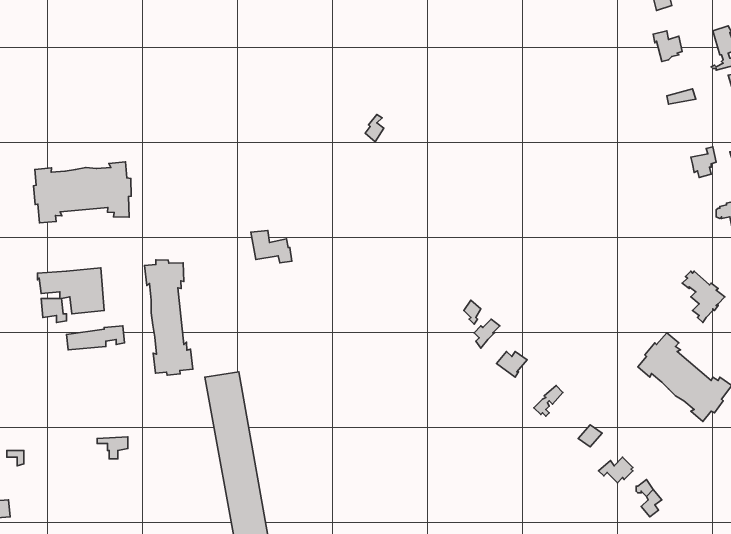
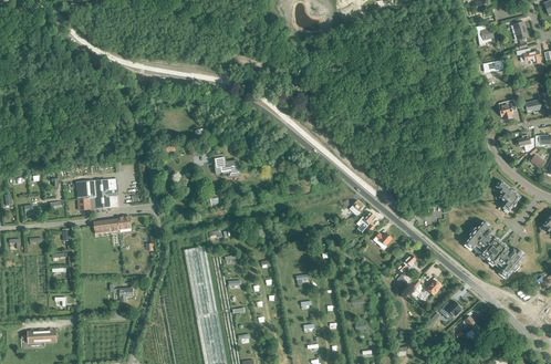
building: [33,162,131,223] -> none
building: [145,260,193,375] -> none

